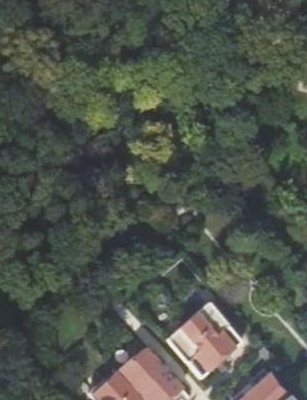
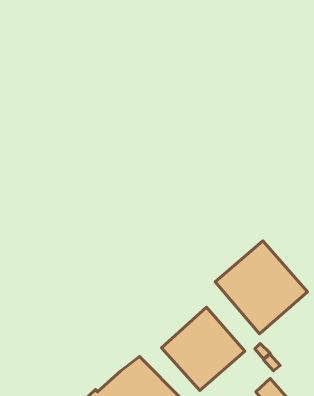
building: none -> [215,241,307,334]

